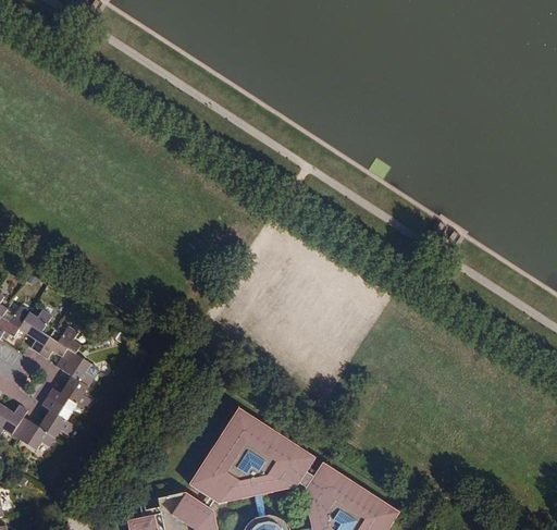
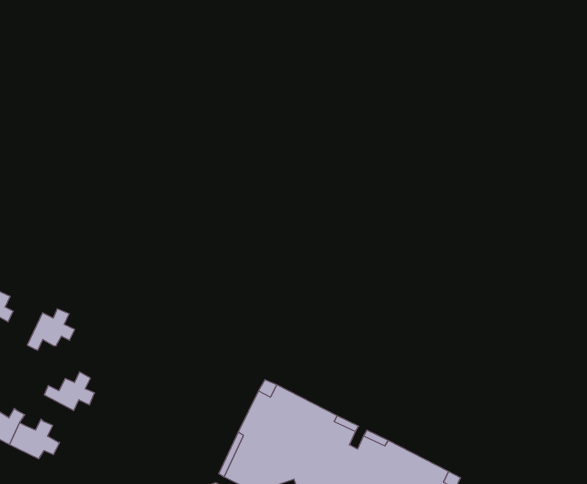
building: [22,309,53,354] -> none
building: [55,349,94,391] -> none
building: [41,398,74,441] -> none

